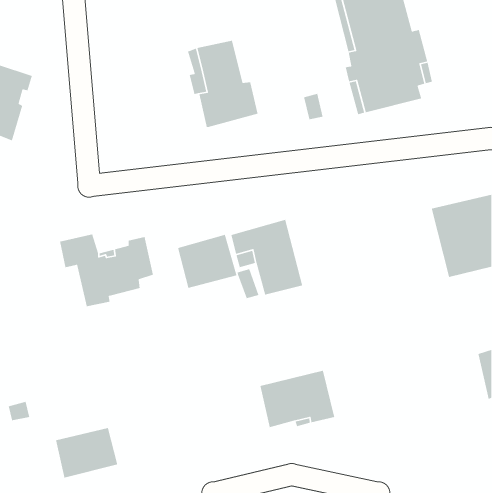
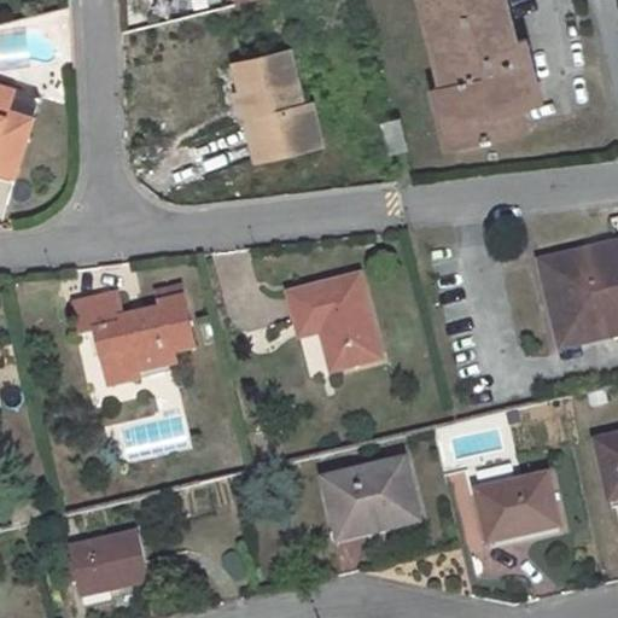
building: [177,234,237,289] -> none
building: none -> [476,473,558,542]

